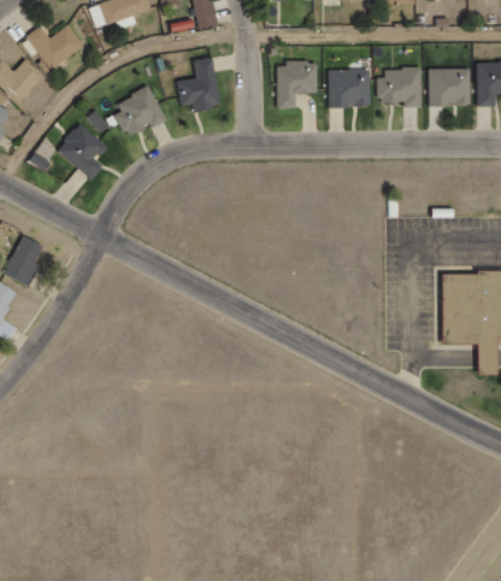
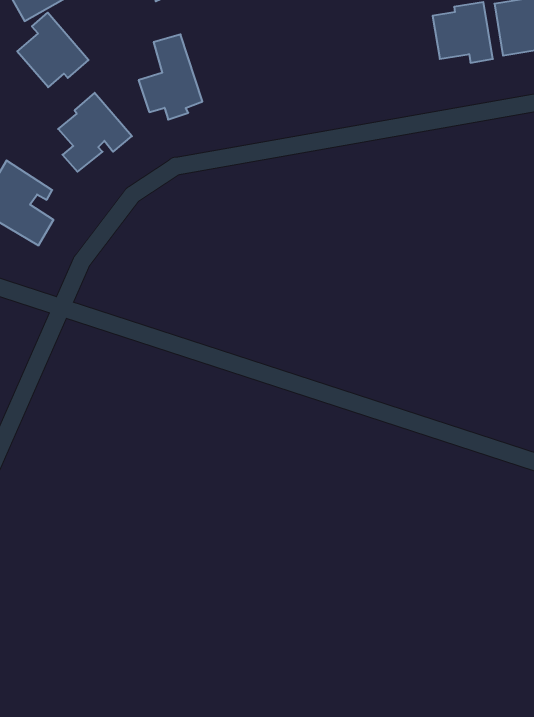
building: none -> [17,13,89,87]
building: [277,60,318,108] -> none
building: [329,69,369,107] -> none

